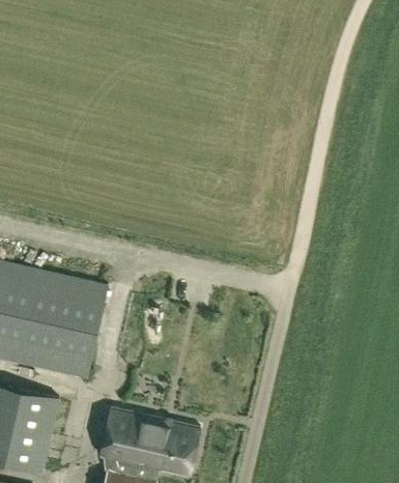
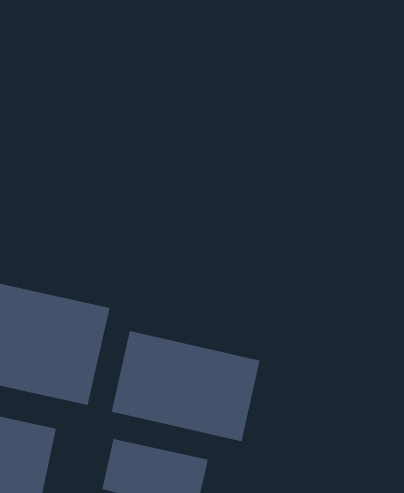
building: none -> [111,330,261,442]

